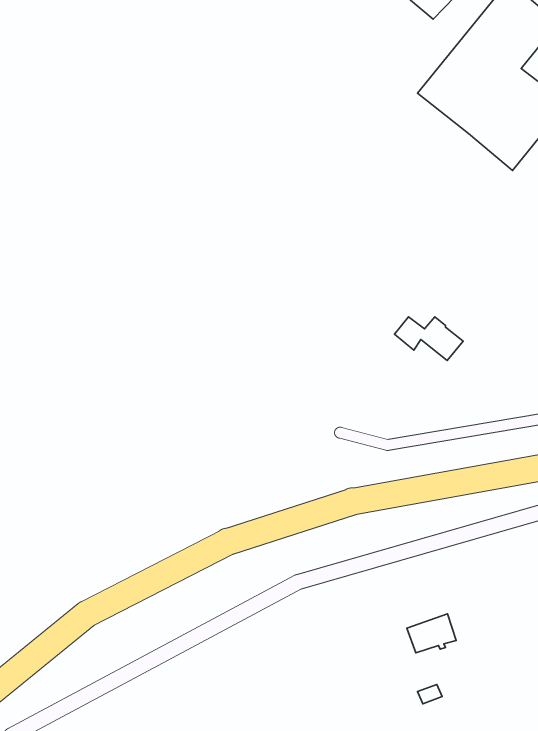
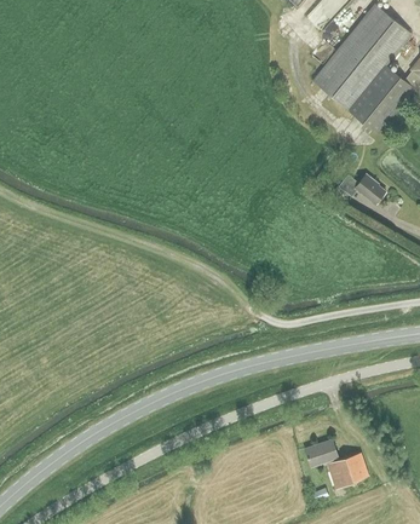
building: [395,317,463,361] -> [338,173,385,203]
building: none -> [327,450,368,489]

